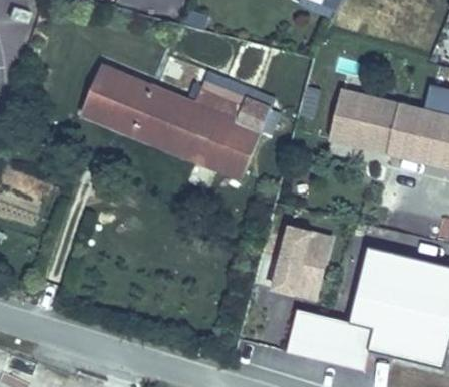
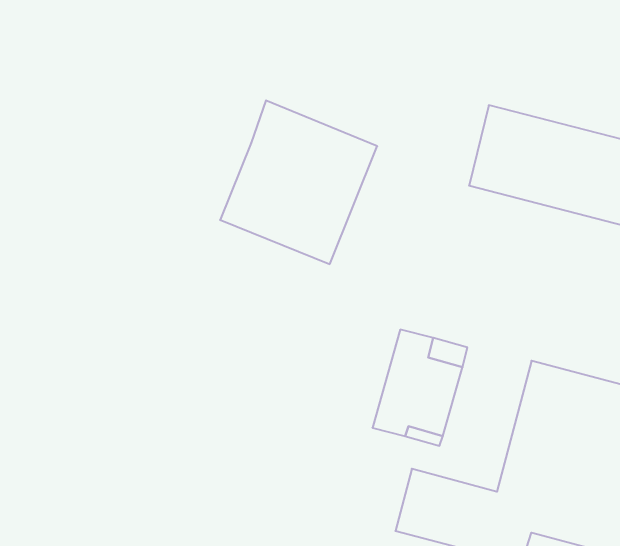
building: [84,72,196,157] -> none

